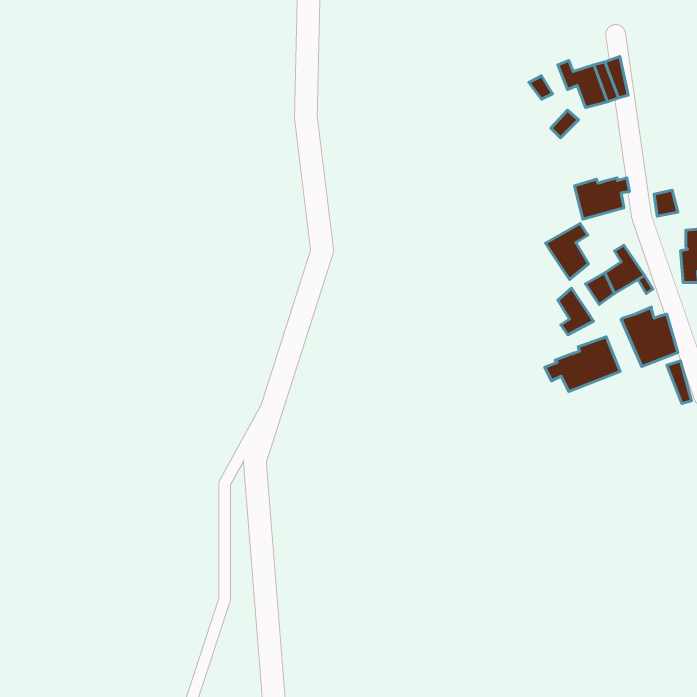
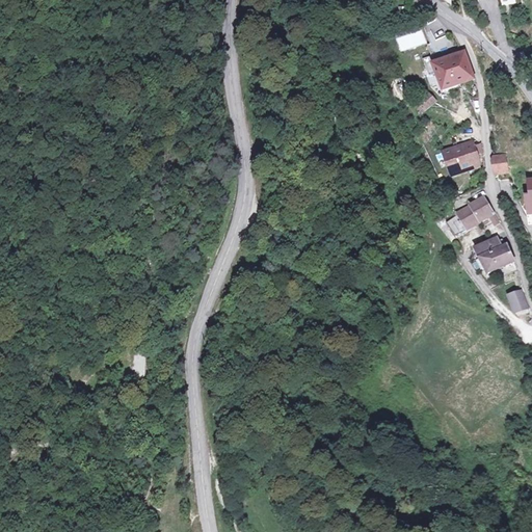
building: [545,224,589,280] -> none
building: [558,288,593,335] -> none
building: [545,337,620,391] -> none

